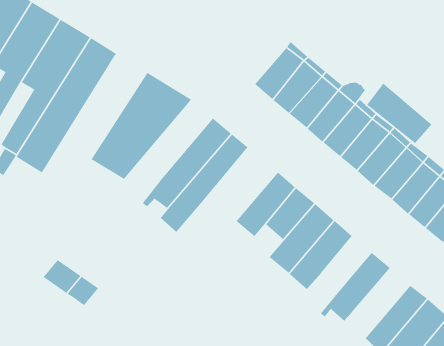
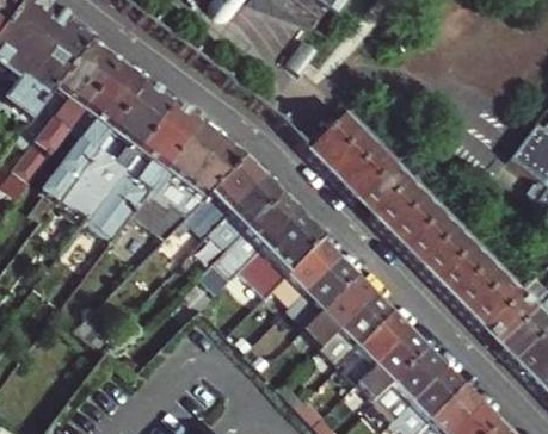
building: none -> [86,105,202,240]
building: [366,83,432,144] -> none
building: none -> [180,159,264,236]
building: none -> [244,212,325,293]
building: none -> [352,312,412,380]
building: none -> [377,348,448,417]

